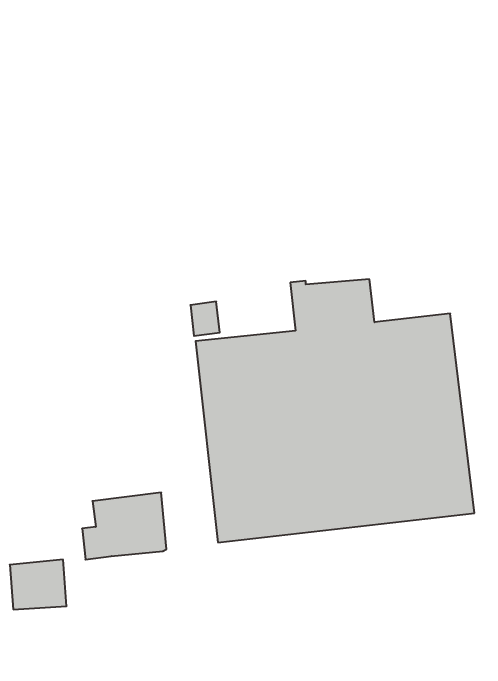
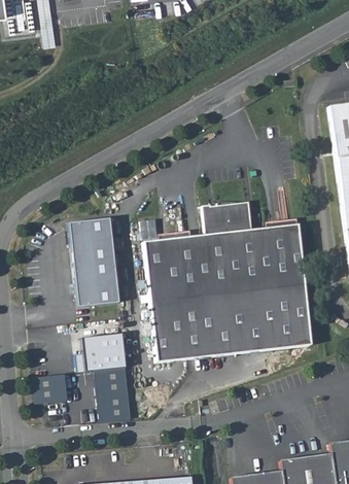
building: none -> [69,218,119,308]
building: none -> [94,369,130,423]

